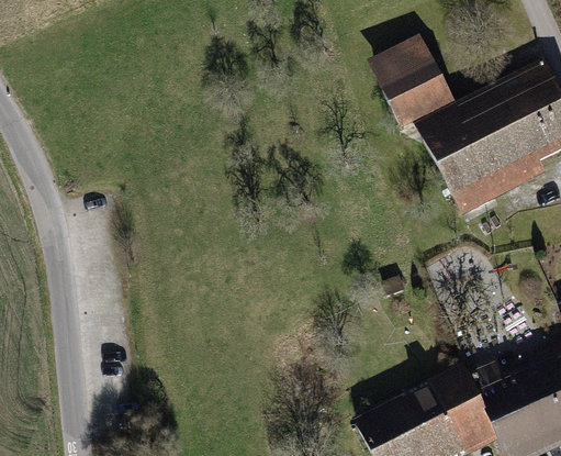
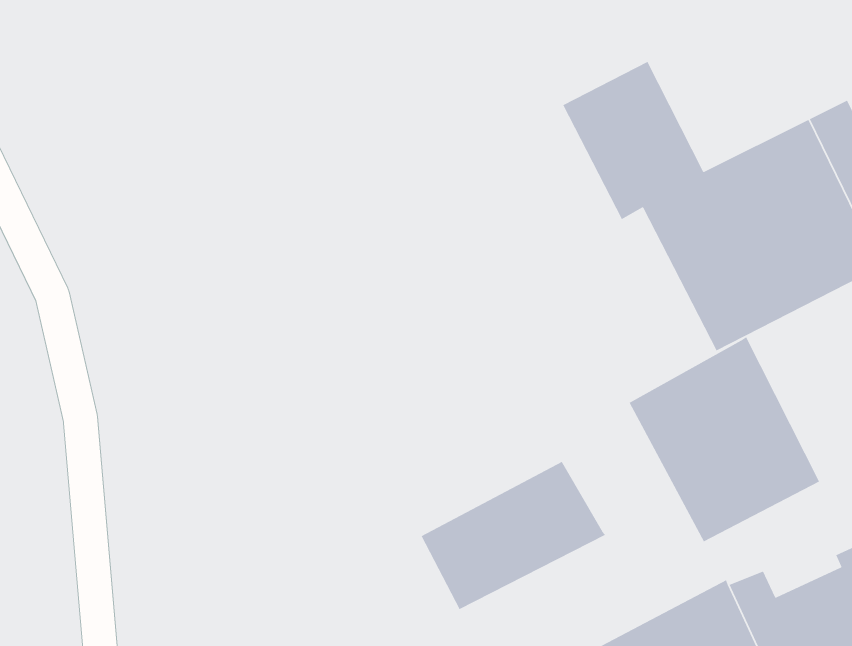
building: none -> [628,336,820,542]
building: none -> [420,461,606,610]

